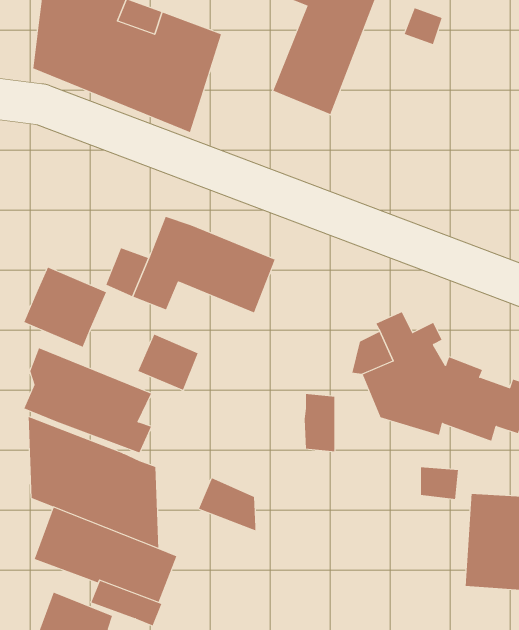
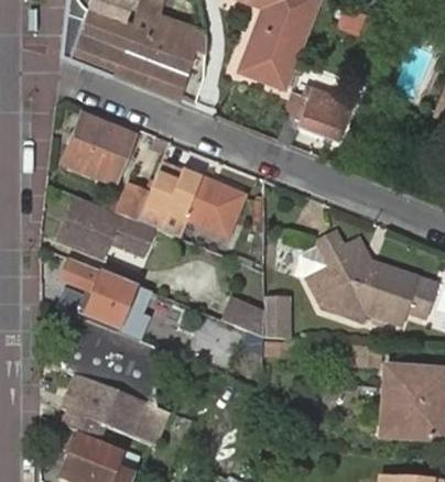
building: none -> [279,84,351,142]
building: none -> [63,113,134,183]
building: [137,334,198,391] -> [107,217,152,259]
building: [198,478,256,531] -> [223,296,265,336]

